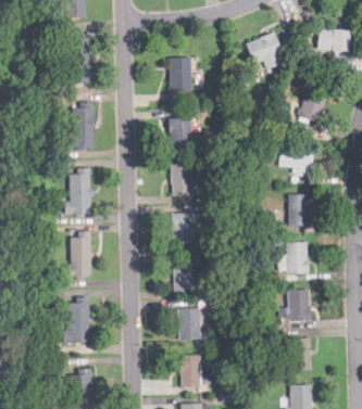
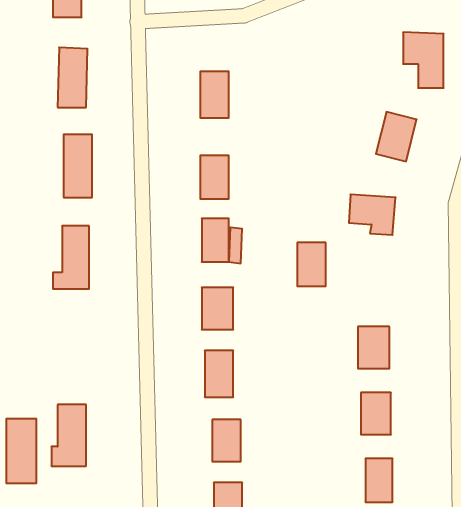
building: [245,33,286,71] -> none
building: [288,194,309,226] -> [297,243,326,286]
building: [68,231,90,278] -> [6,419,36,483]

